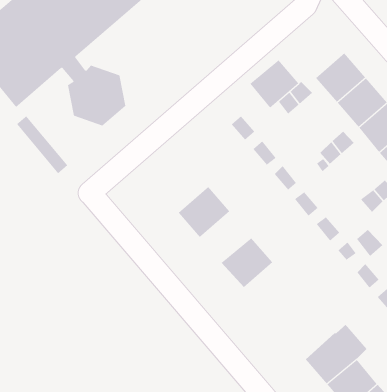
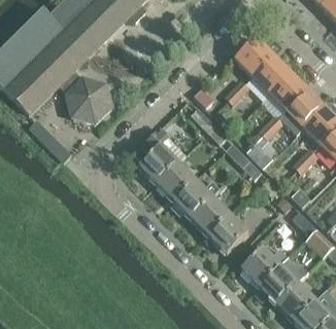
building: [249,60,299,109] -> [235,38,272,75]
building: none -> [138,127,186,183]
building: none -> [173,179,220,218]
building: none -> [209,215,247,253]
building: none -> [241,247,284,286]

